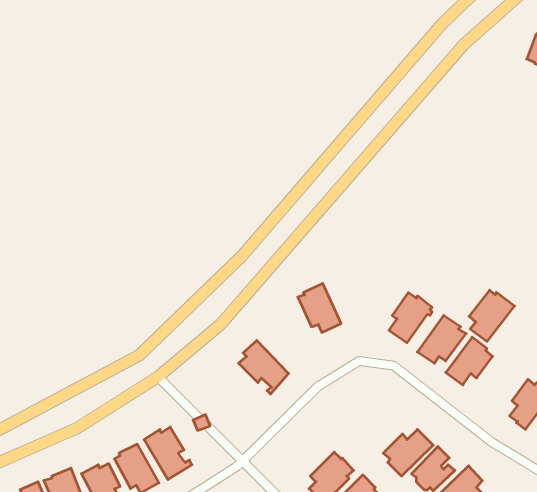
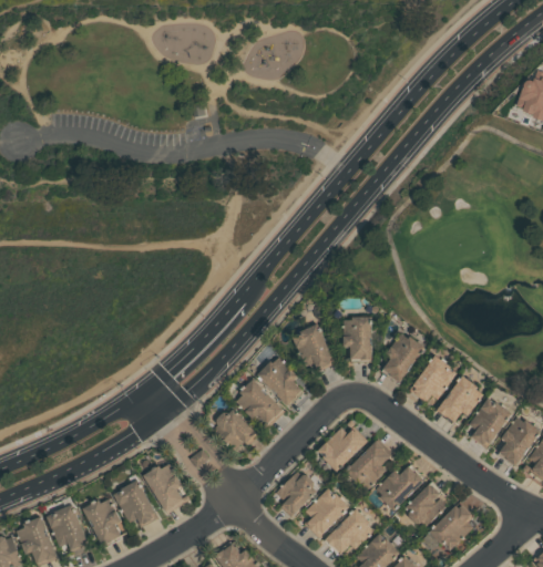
building: none -> [342,317,370,360]
building: [469,290,515,341] -> [468,399,512,449]
building: none -> [257,358,301,406]
building: none -> [213,410,257,450]
building: none -> [317,427,366,472]
building: none -> [345,441,390,492]
building: none -> [275,472,317,519]

